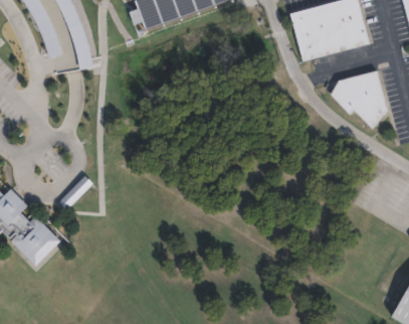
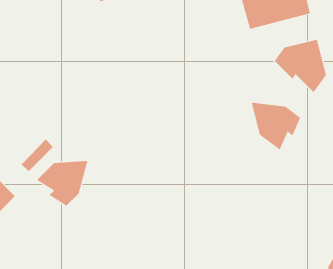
building: none -> [251,102,301,150]
building: none -> [36,160,88,207]

